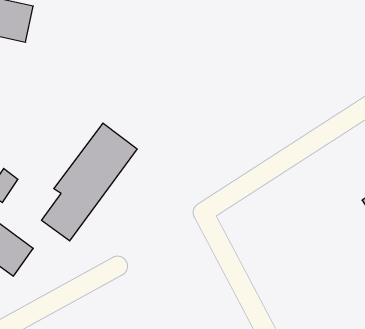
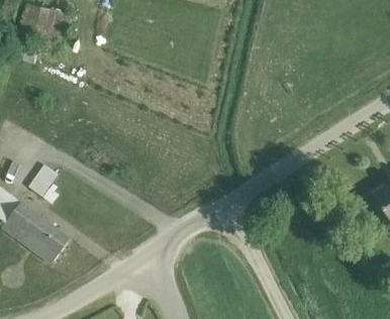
building: [42,123,137,241] -> none

